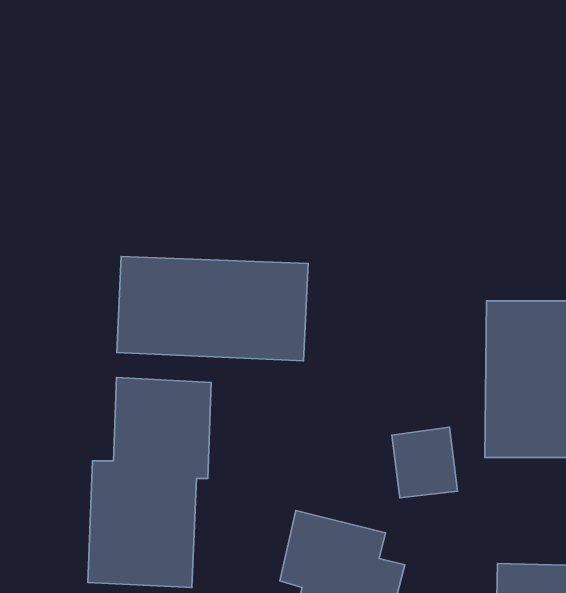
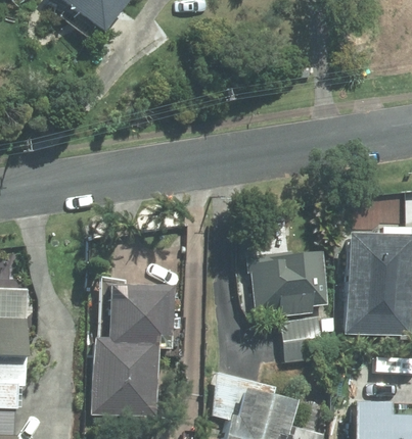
building: [117,256,308,361] -> none
building: none -> [251,250,331,315]

